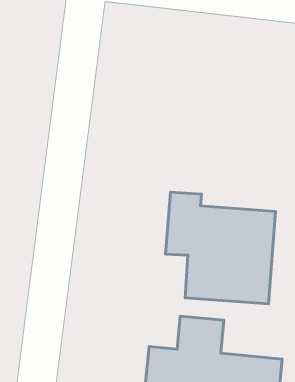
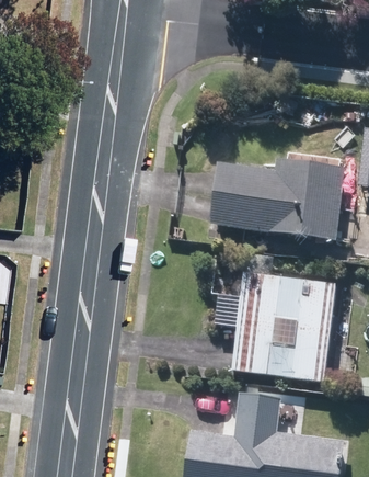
building: none -> [209,160,344,239]

